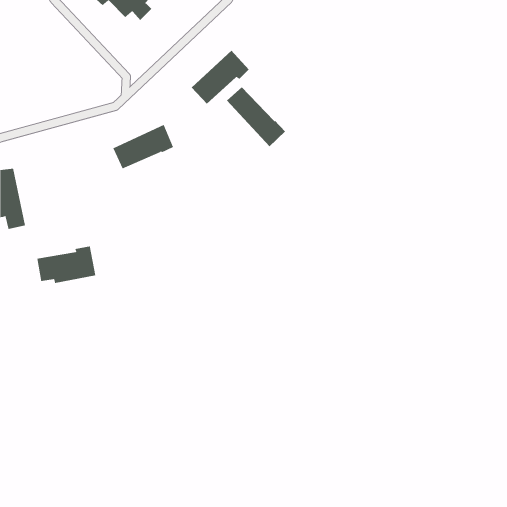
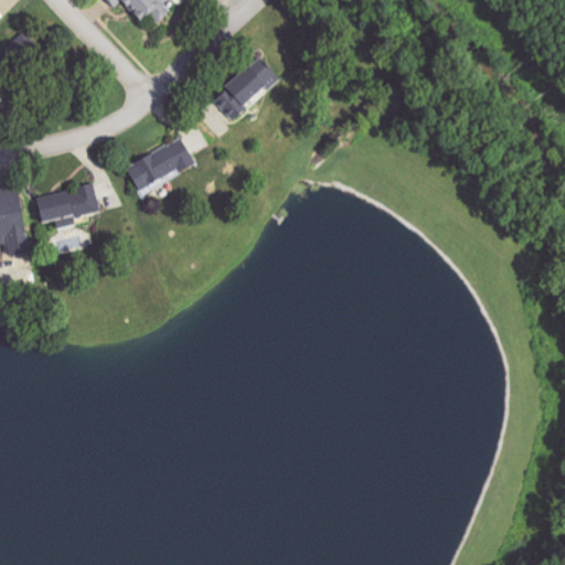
building: [226,86,286,147] -> none
building: [37,246,96,284] -> [34,182,100,224]

